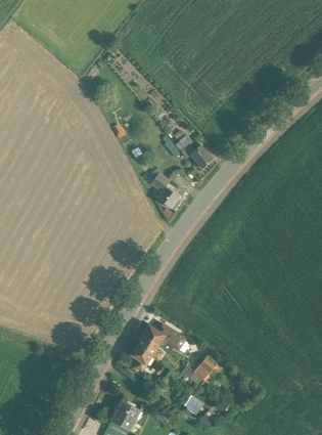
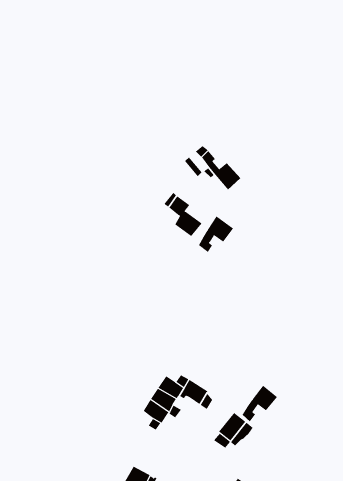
building: none -> [198,215,234,253]
building: none -> [242,385,278,422]

